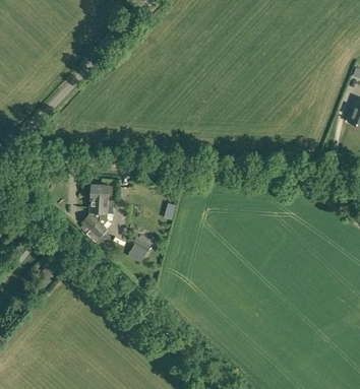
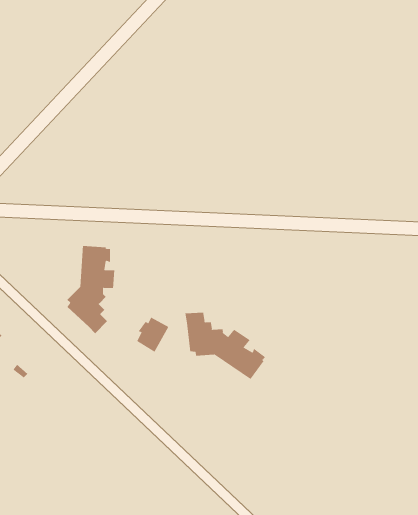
building: none -> [185,312,266,380]

